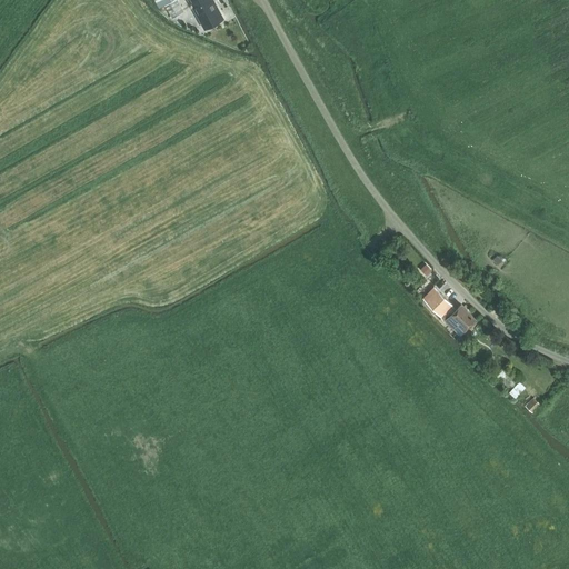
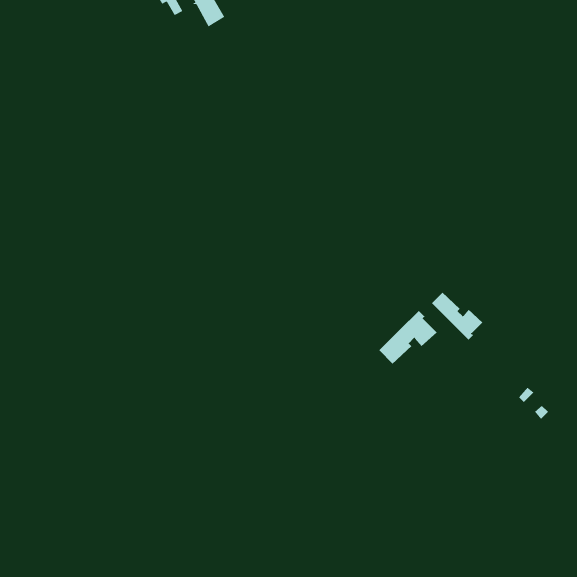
building: none -> [378,310,437,364]

